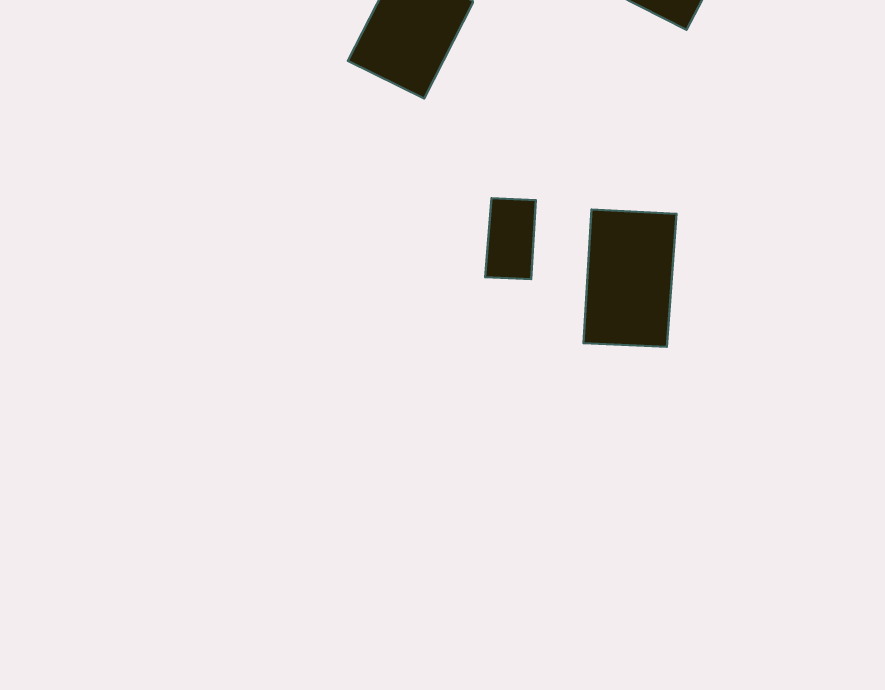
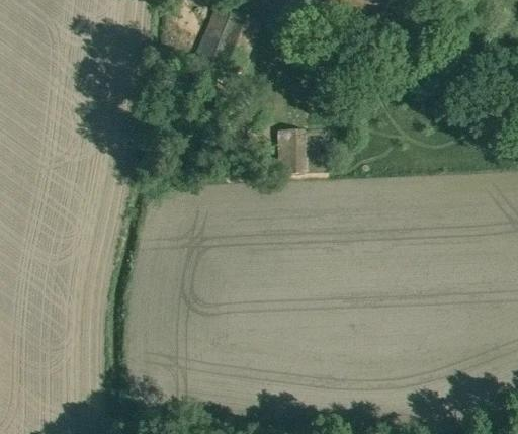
building: [583,209,677,347] -> none

